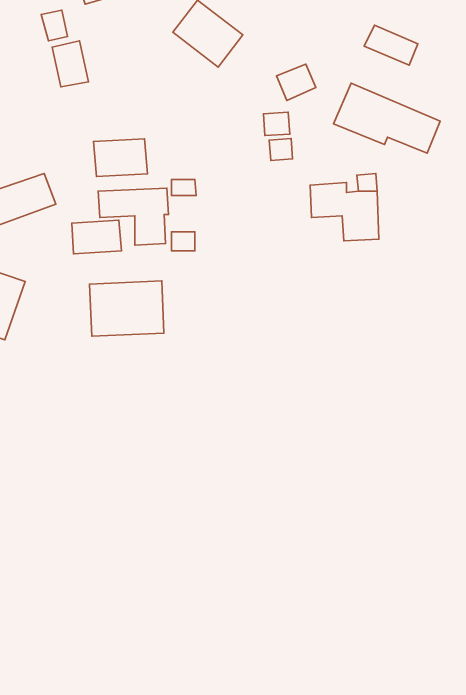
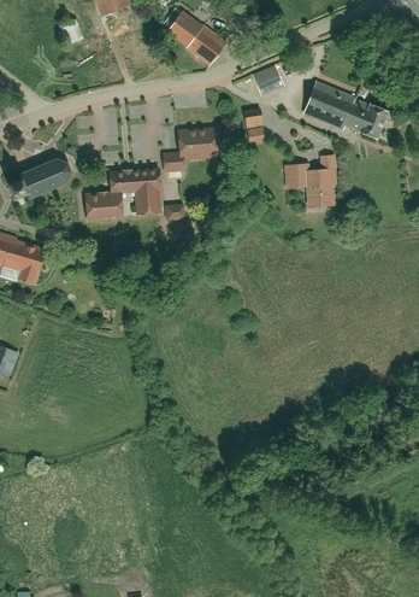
building: [364,25,418,65] -> none
building: [52,41,88,87] -> none
building: [93,139,147,177] -> [176,125,220,157]
building: [90,281,164,336] -> none

